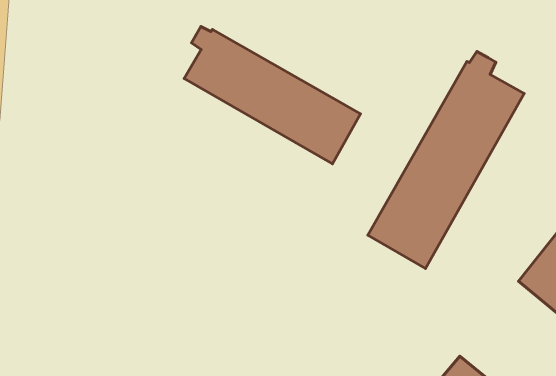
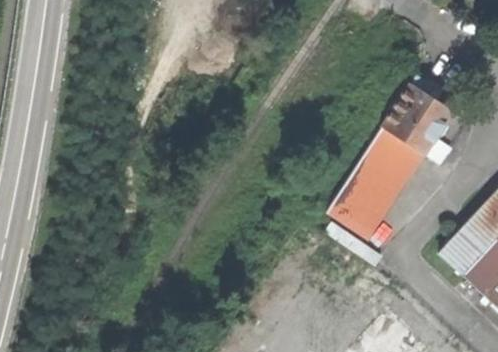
building: [184,27,360,164] -> none

